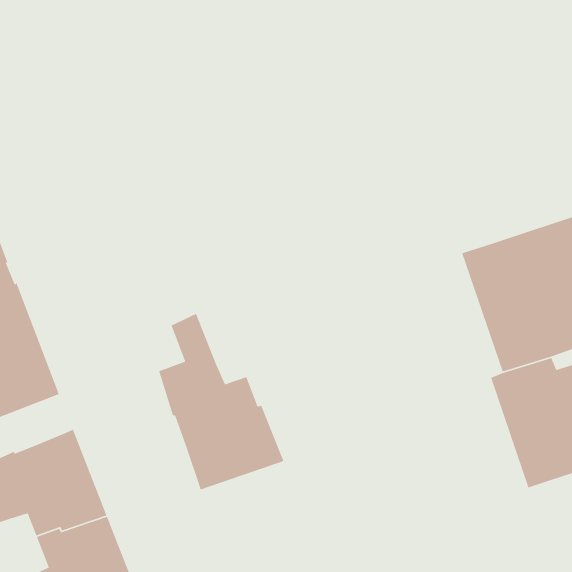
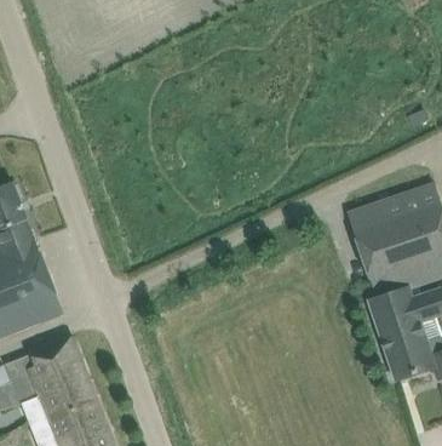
building: [158,313,284,491] -> none

